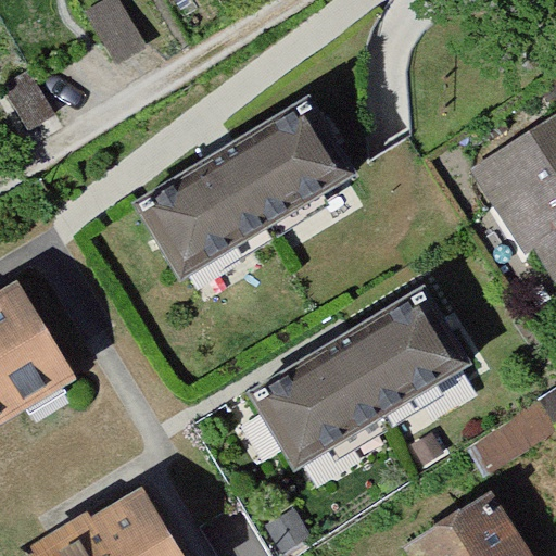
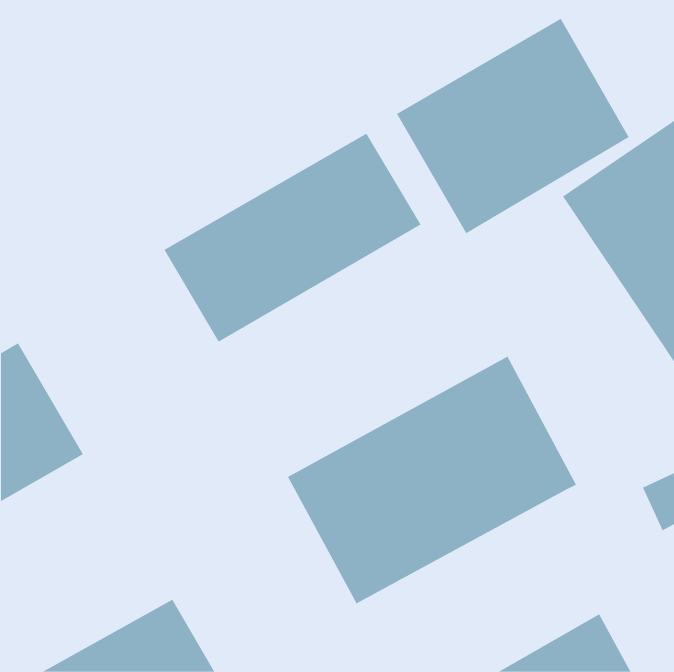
building: none -> [396,18,630,234]

